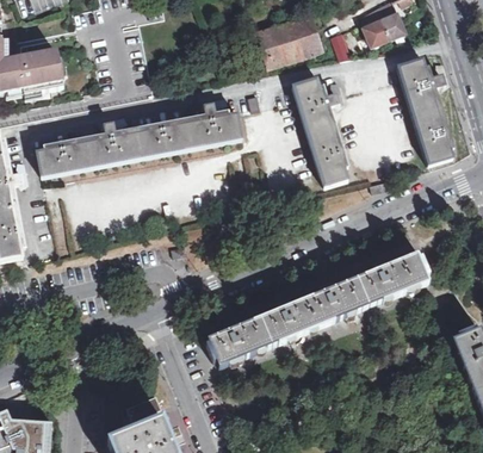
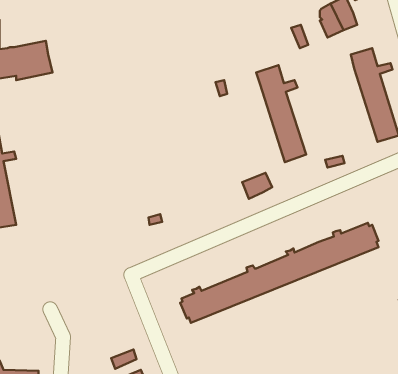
building: [255,12,323,68] -> none
building: [36,103,241,174] -> none
building: none -> [242,173,272,199]

